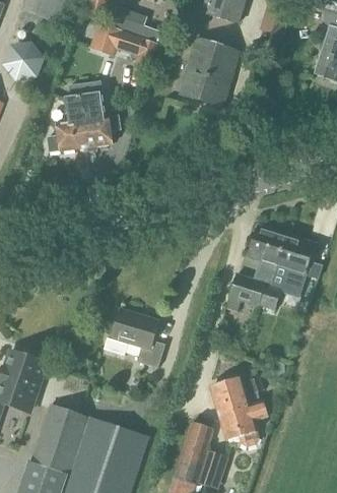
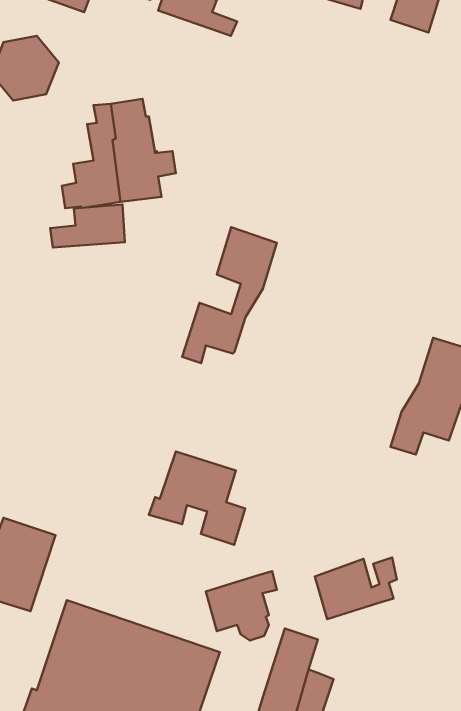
building: [90,23,156,66] -> none
building: [180,37,240,108] -> none
building: none -> [50,205,125,247]
building: [225,225,286,312] -> [182,227,277,363]
building: [218,403,264,447] -> [206,571,277,641]

